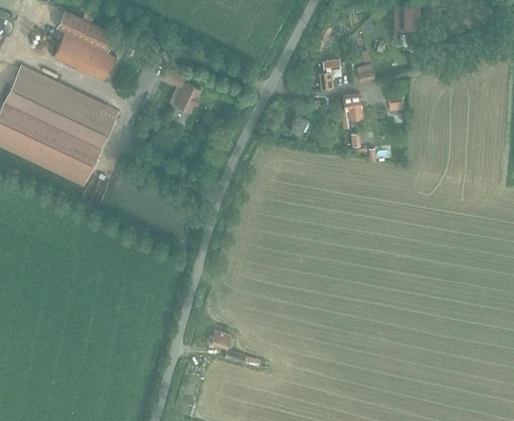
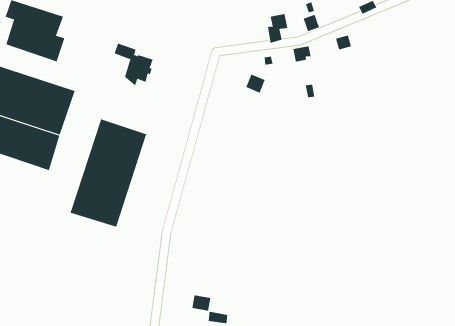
building: none -> [70,119,147,228]

